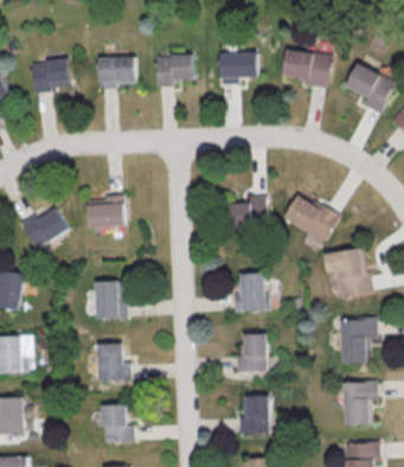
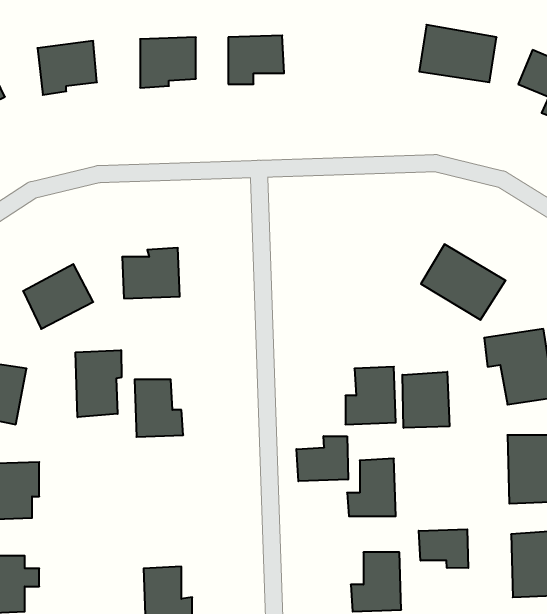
building: [220,52,257,84] -> none
building: [229,194,265,228] -> none
building: none -> [76,350,121,417]
building: none -> [402,372,449,428]
building: none -> [296,436,348,481]
building: [97,344,130,380] -> none
building: none -> [419,529,468,568]

